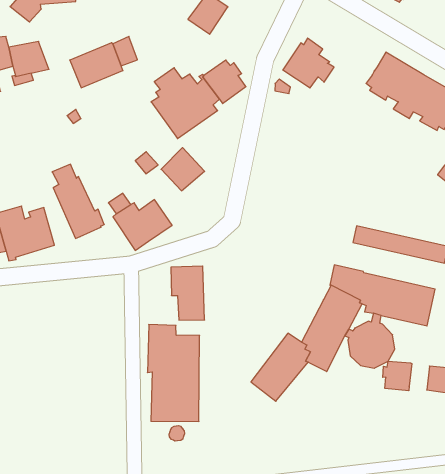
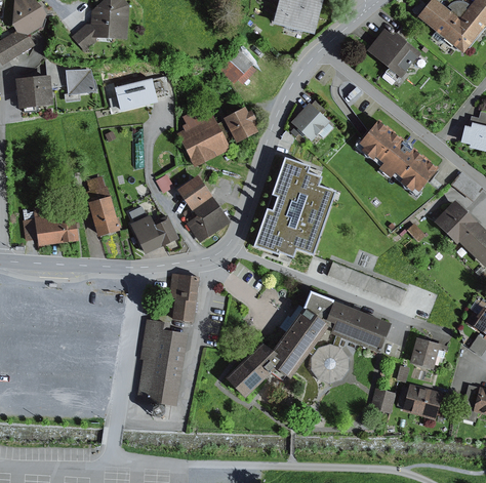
building: none -> [253,157,335,258]
building: none -> [187,197,230,242]
building: [383,361,412,391] -> none

